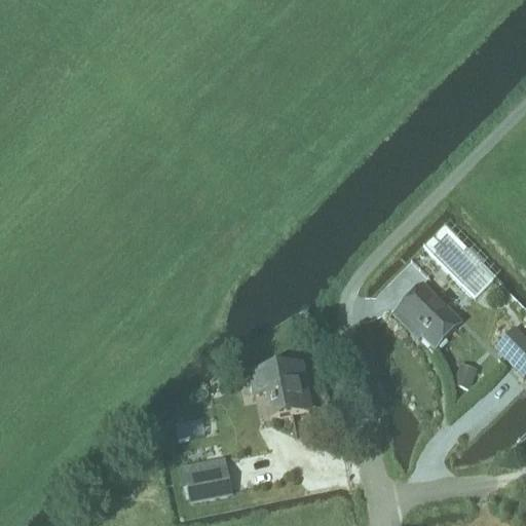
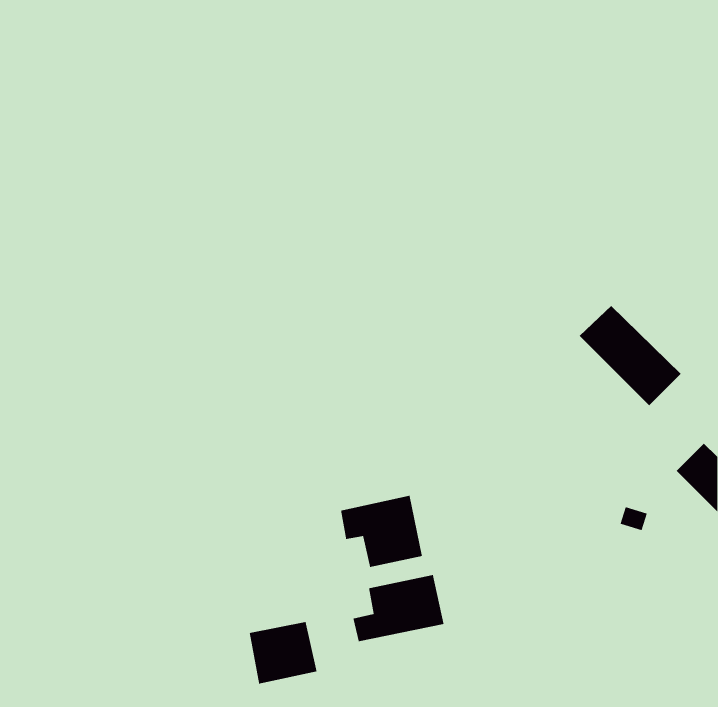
building: [392,284,461,346] -> none
building: none -> [352,574,445,642]

